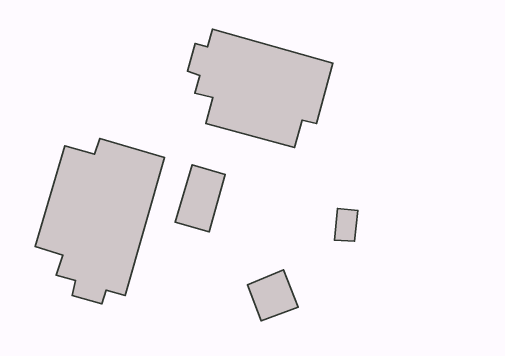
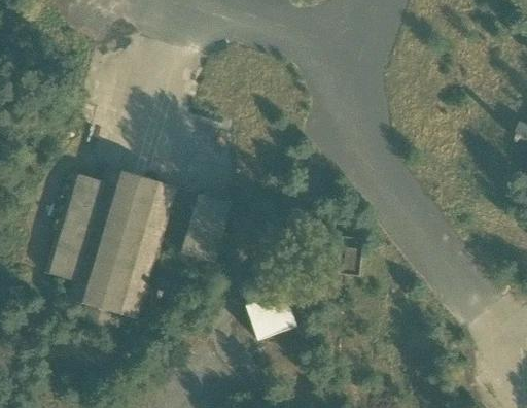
building: [187,29,333,148] -> none

